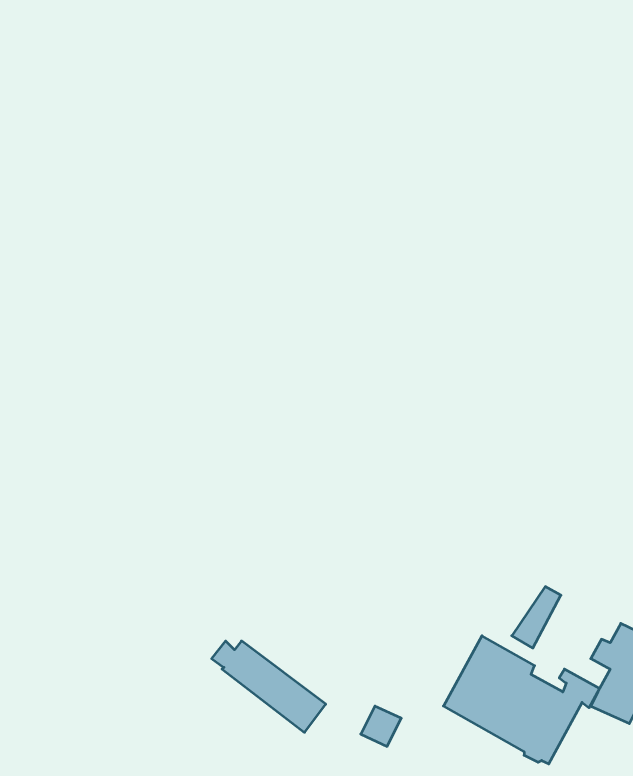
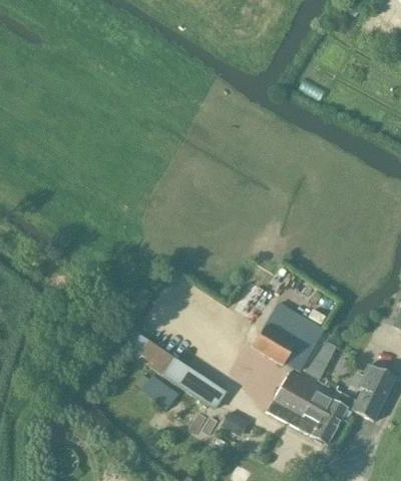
building: none -> [253,312,318,370]
building: none -> [143,341,228,408]

